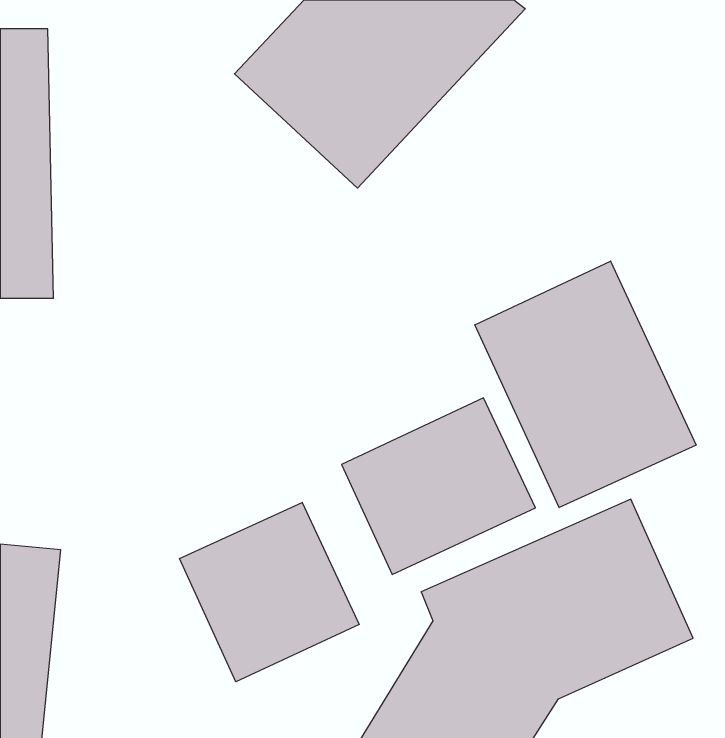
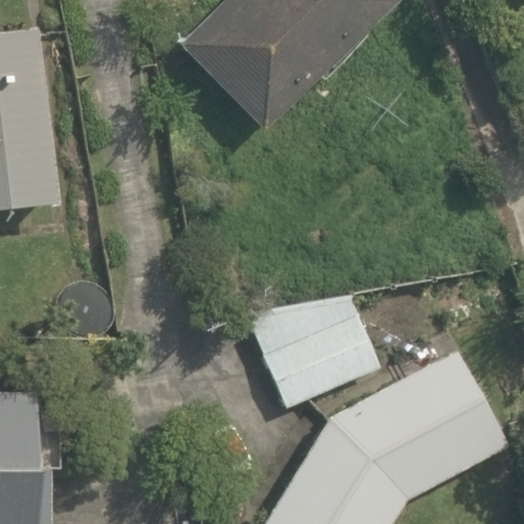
building: [475,261,696,508] -> none
building: [180,502,359,682] -> none

